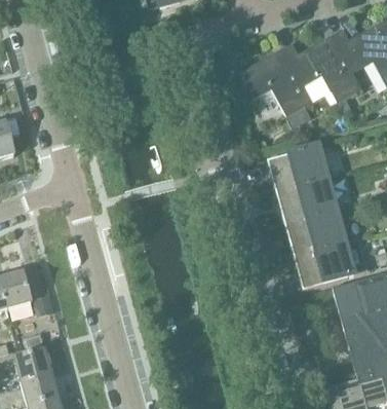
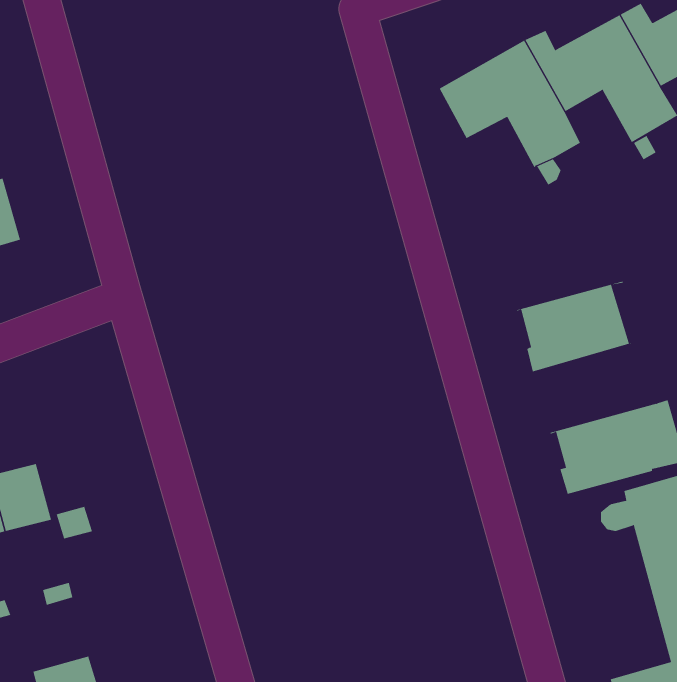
building: [267,144,333,190] -> none
building: [284,207,350,255] -> none
building: [14,348,50,381] -> none

